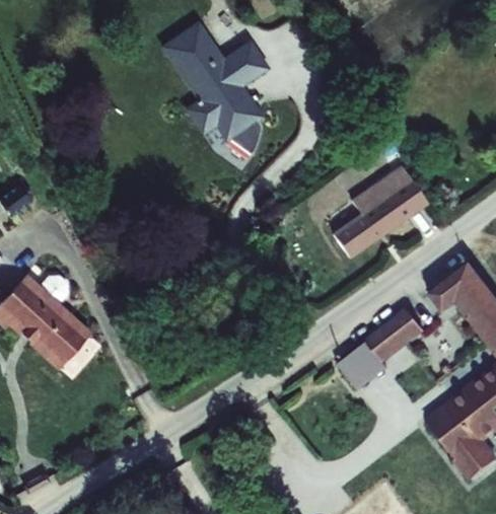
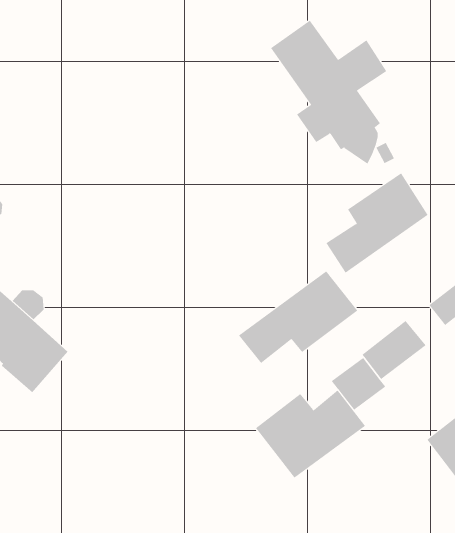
building: [160,22,270,157] -> [270,20,387,164]
building: none -> [238,271,358,364]
building: none -> [255,390,366,478]

